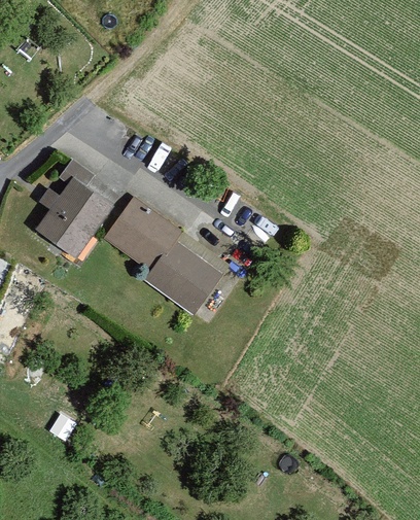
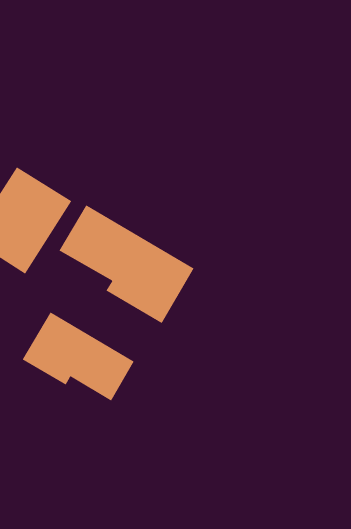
building: none -> [22,312,135,402]

